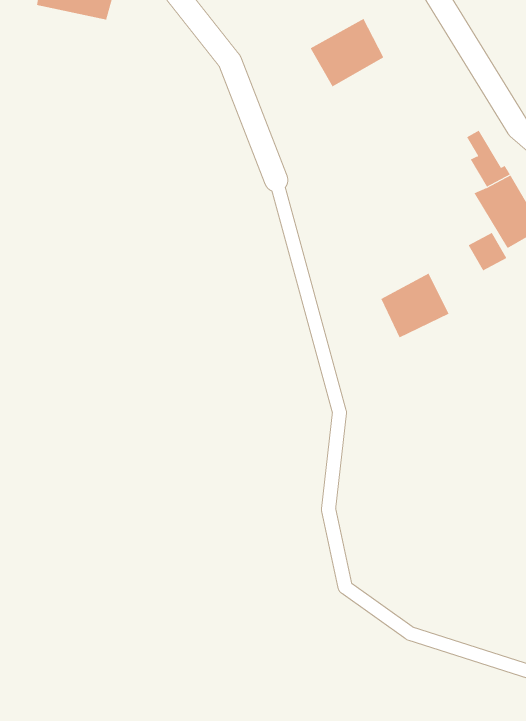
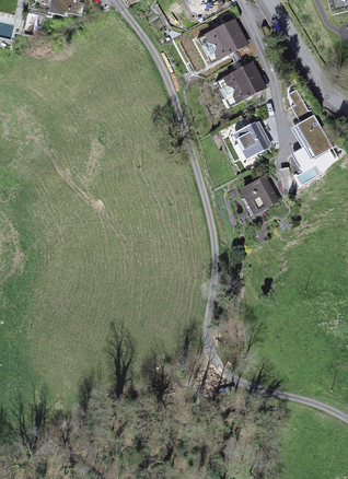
building: none -> [220,63,264,105]
building: none -> [229,119,269,160]

